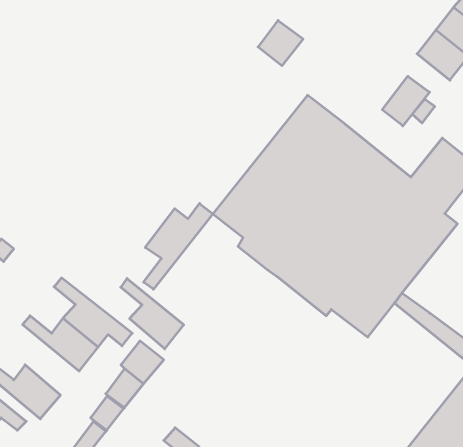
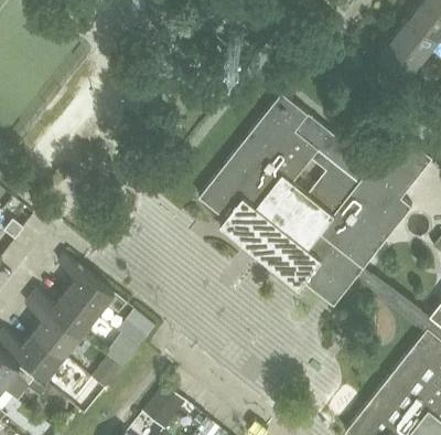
building: [258,20,303,66] -> none
building: [382,76,430,126] -> none
building: [144,203,213,289] -> none
building: [121,278,184,349] -> [26,296,82,358]

